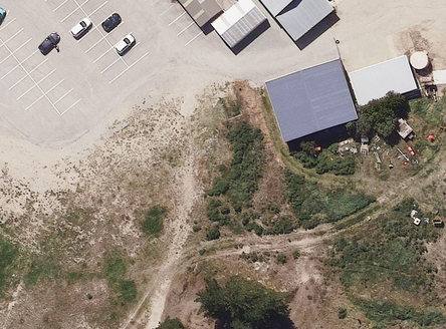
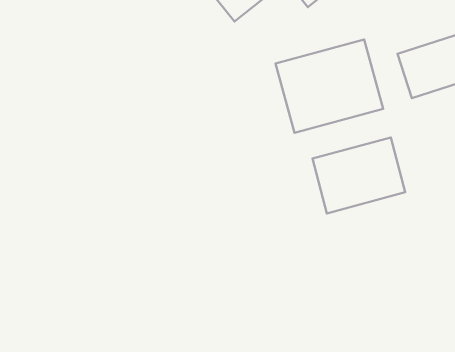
building: none -> [312,137,405,213]

